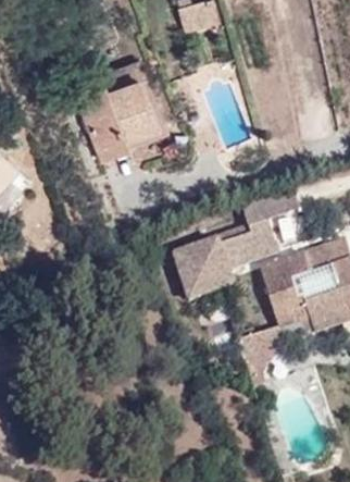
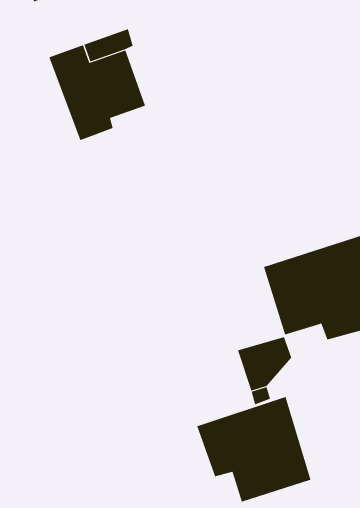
building: [172,190,299,300] -> none
building: none -> [196,396,311,502]

